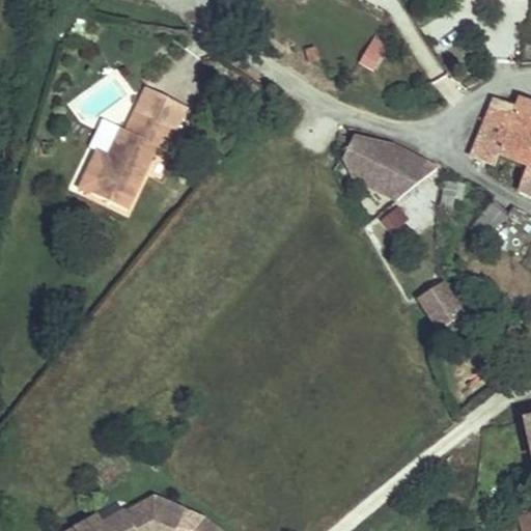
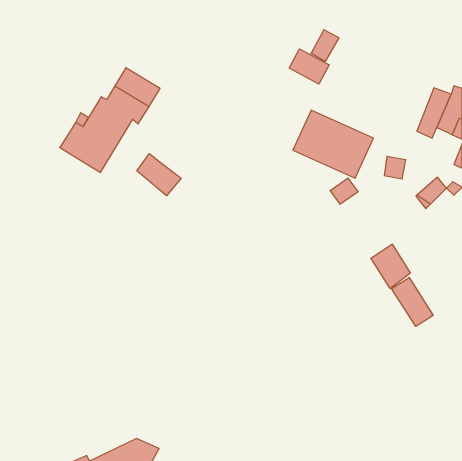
building: none -> [289,49,329,84]
building: none -> [137,154,181,196]
building: none -> [392,277,433,326]

